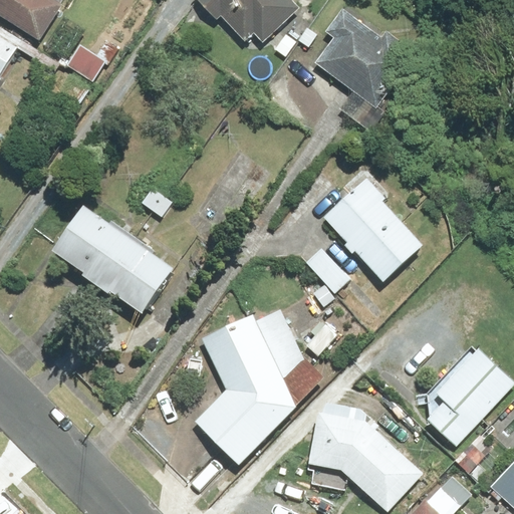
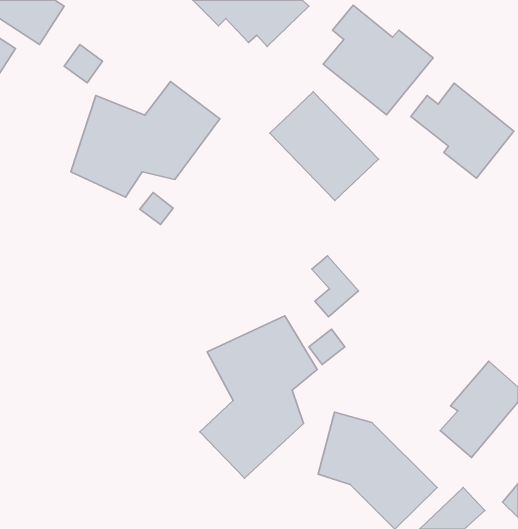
building: none -> [71,81,220,197]
building: none -> [411,83,514,178]
building: [320,178,426,283] -> [270,92,379,201]
building: [55,203,178,313] -> none

